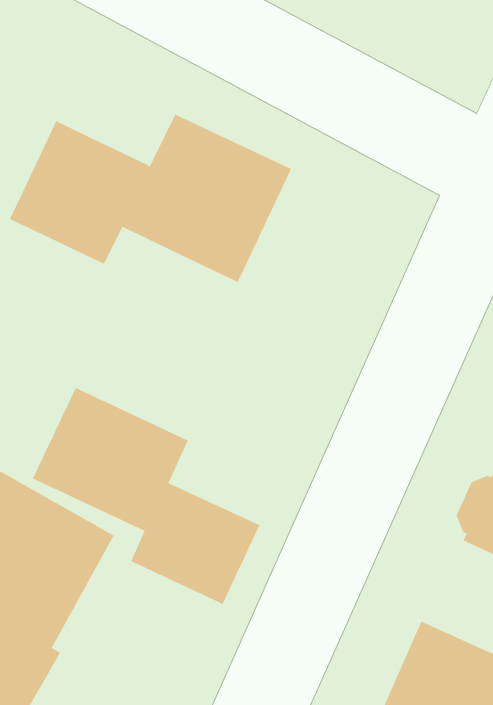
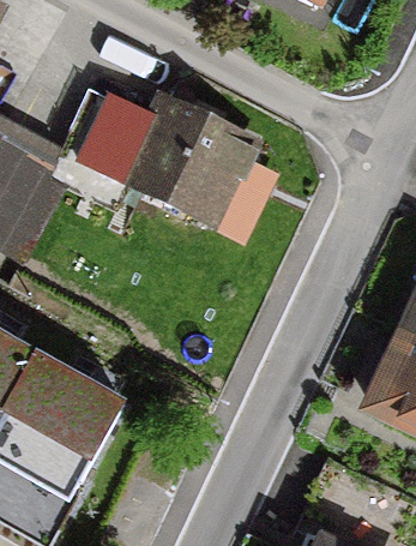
building: [32,387,260,605] -> none

